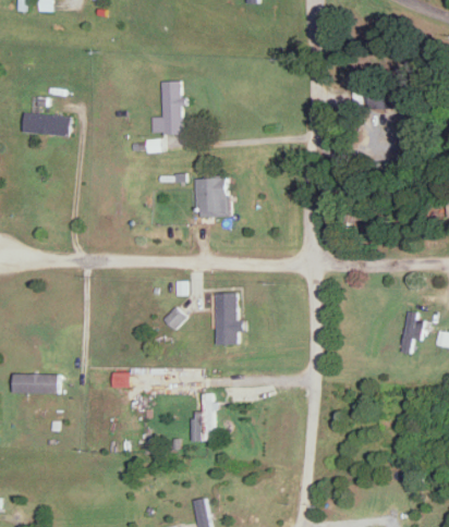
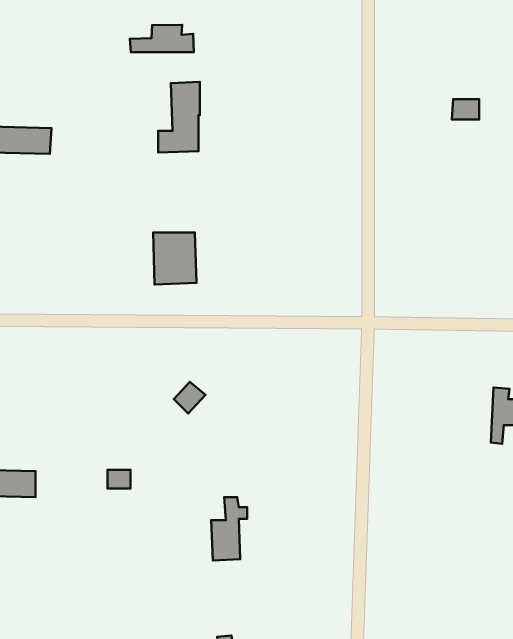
building: none -> [130,25,194,52]
building: [195,179,228,218] -> [153,233,196,284]
building: [216,293,244,345] -> none

